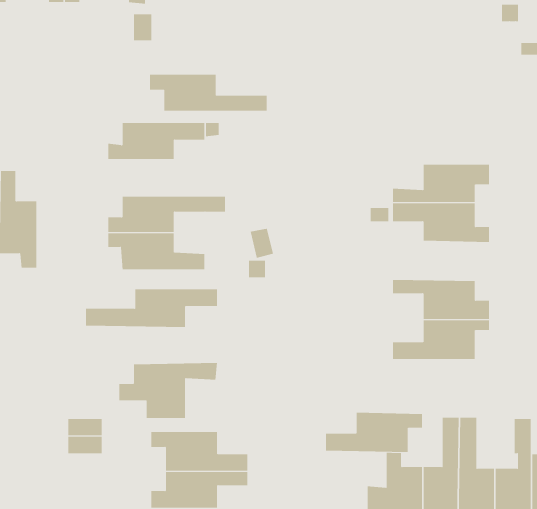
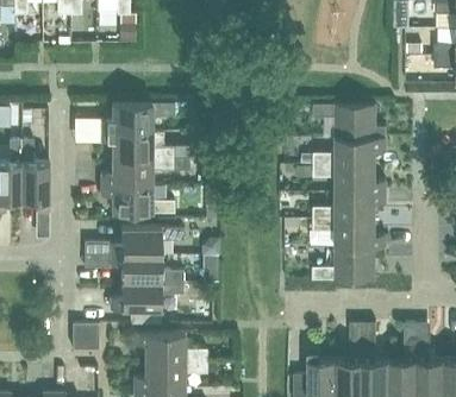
building: [149,74,268,111] -> [101,131,189,158]
building: none -> [313,105,386,134]
building: none -> [83,254,183,283]
building: [325,412,423,452] -> [313,191,386,221]

